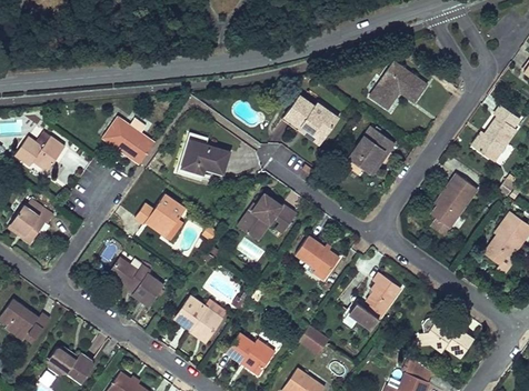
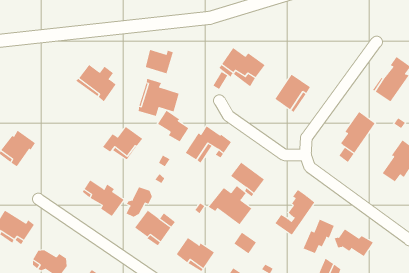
building: [368,60,426,108] -> none
building: none -> [145,49,173,74]
building: [11,136,62,173] -> none
building: none -> [157,110,189,142]
building: none -> [208,185,252,225]
building: none -> [126,187,152,218]
building: none -> [303,219,334,254]

